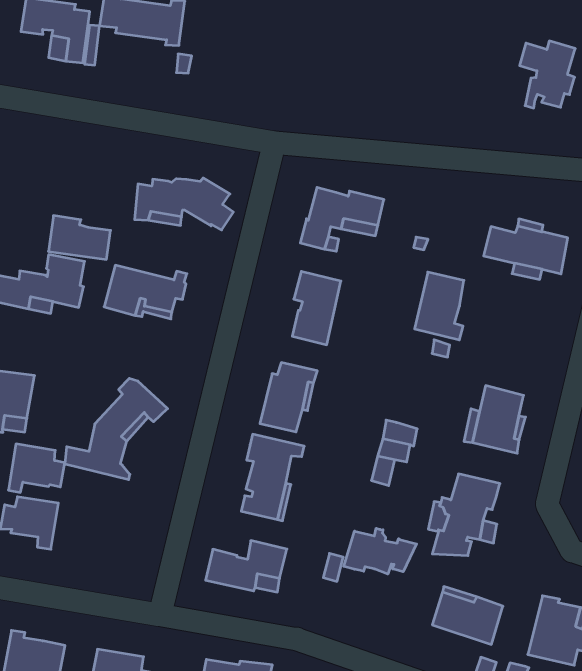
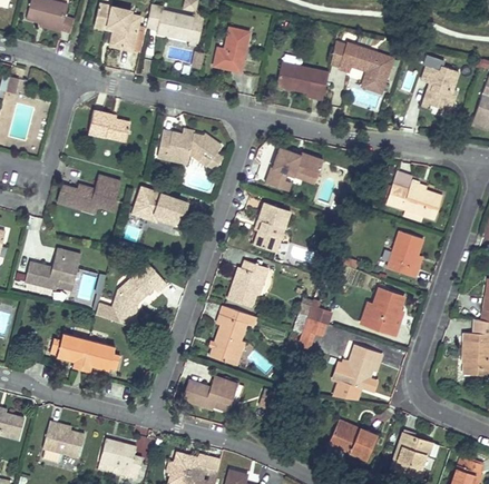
building: none -> [213,27,250,71]
building: none -> [331,42,392,92]
building: none -> [276,61,329,99]
building: [48,216,111,259] -> [88,109,130,141]
building: [415,272,464,340] -> [387,230,422,277]
building: [8,444,65,492] -> [81,339,120,372]
building: [344,528,417,574] -> none

